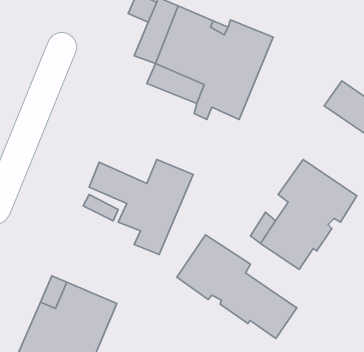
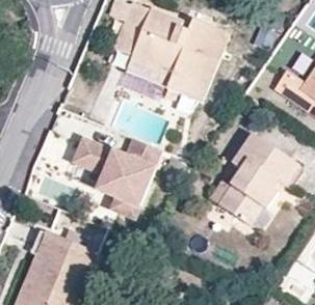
building: [177,235,297,338] -> none

